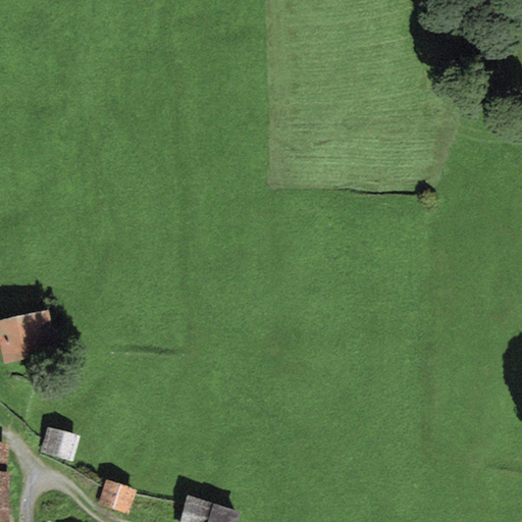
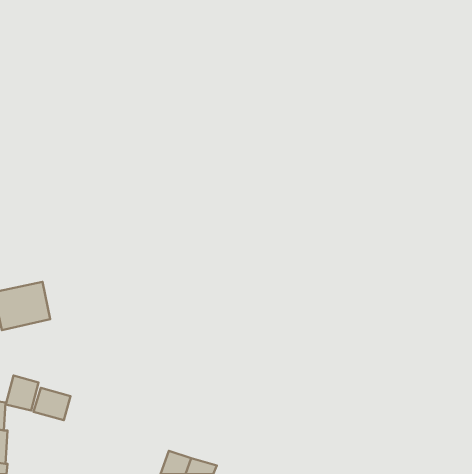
building: none -> [6,376,39,411]
building: [96,479,135,515] -> none

